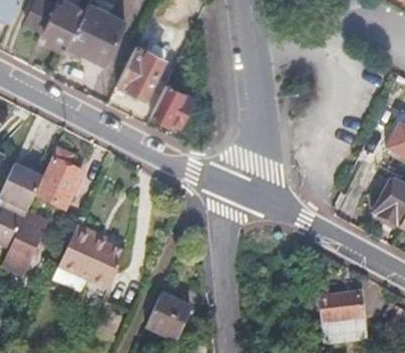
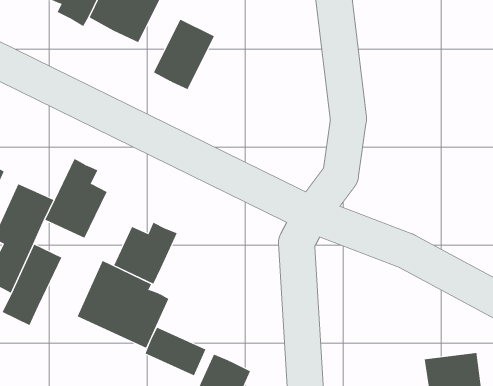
building: [150,84,191,123] -> none
building: none -> [114,222,178,285]
building: none -> [145,327,206,376]

